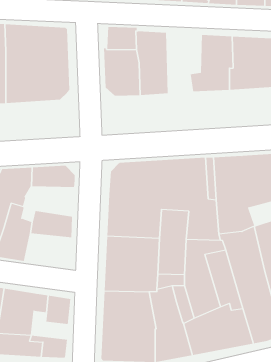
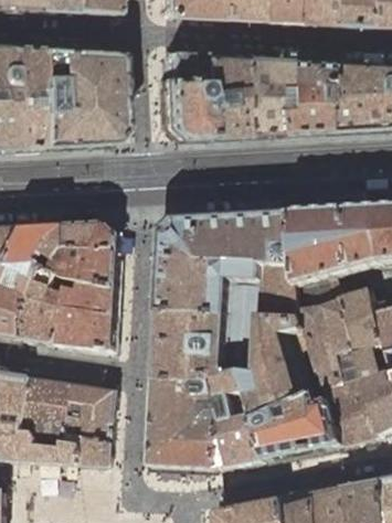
building: none -> [235,58,278,135]
building: none -> [59,250,120,288]
building: none -> [57,309,117,352]
building: none -> [66,406,113,441]

